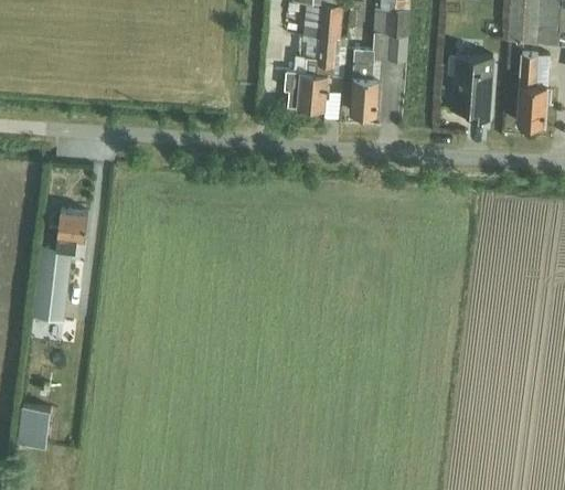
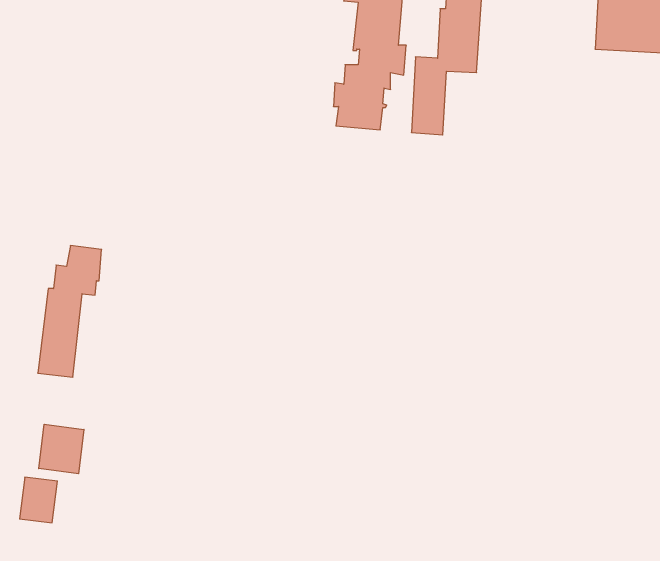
building: [451,55,493,122] -> none
building: [516,55,552,126] -> none
building: none -> [39,424,84,474]

